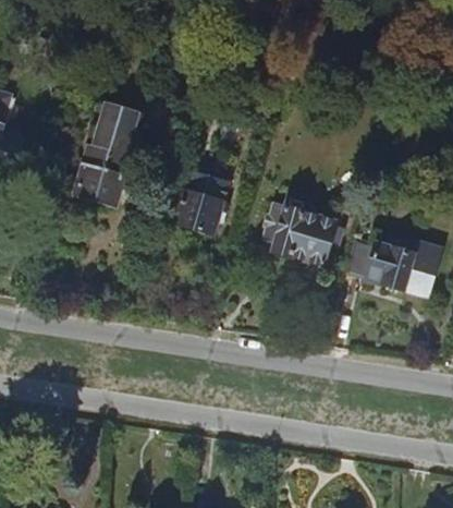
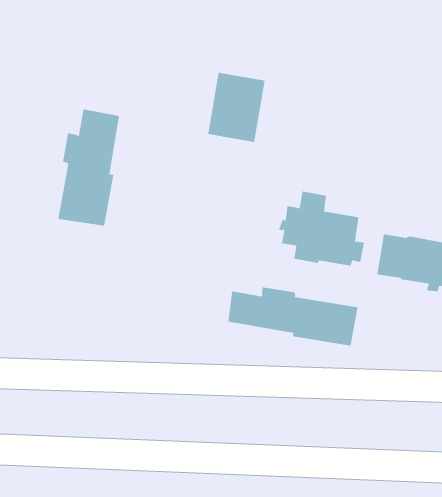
building: [175,170,230,233] -> [207,72,265,143]
building: none -> [228,287,358,346]

